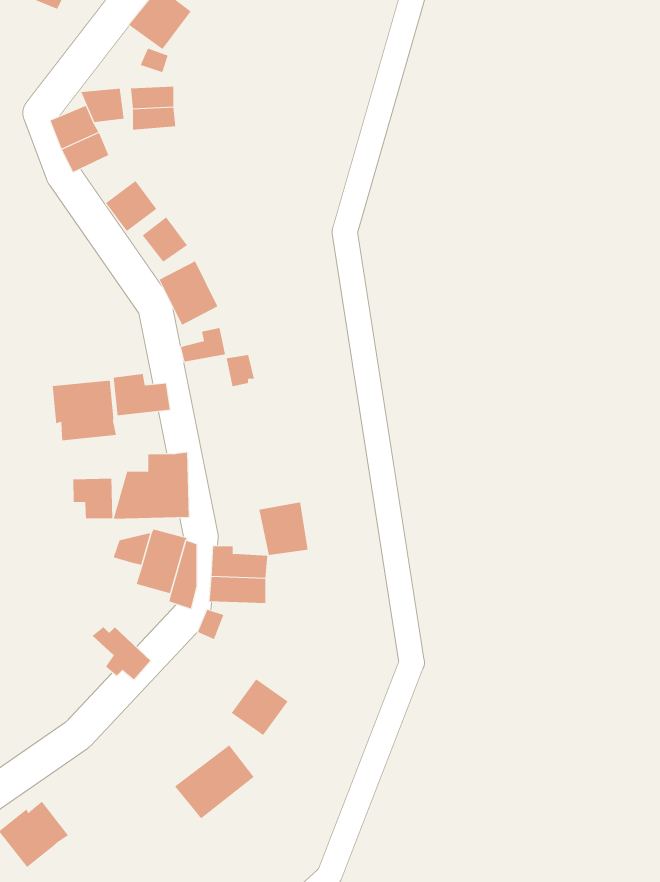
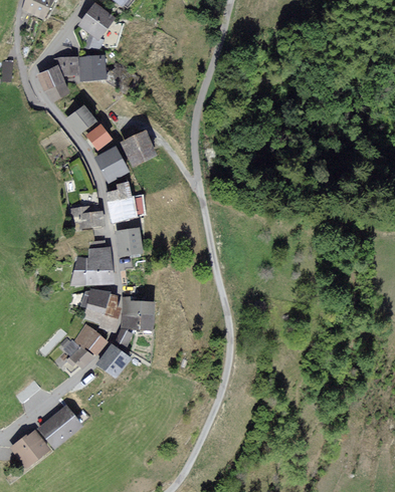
building: none -> [122,132,154,165]
building: none -> [109,197,135,220]
building: [52,380,116,441] -> none
building: [73,478,113,519] -> none
building: [259,502,308,556] -> [116,227,142,255]
building: none -> [74,325,106,353]
building: [231,678,288,736] -> [98,345,129,376]
building: [174,744,255,819] -> [39,406,81,445]

